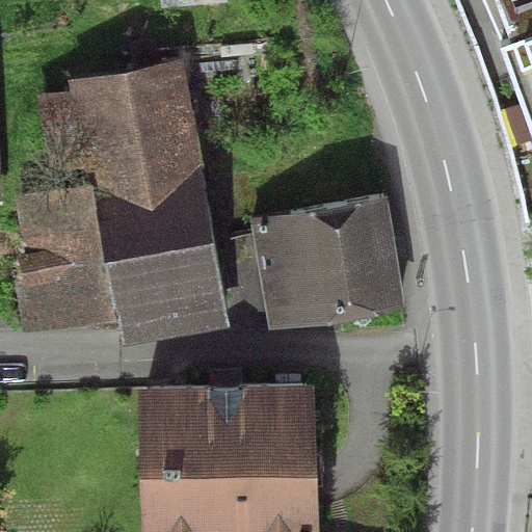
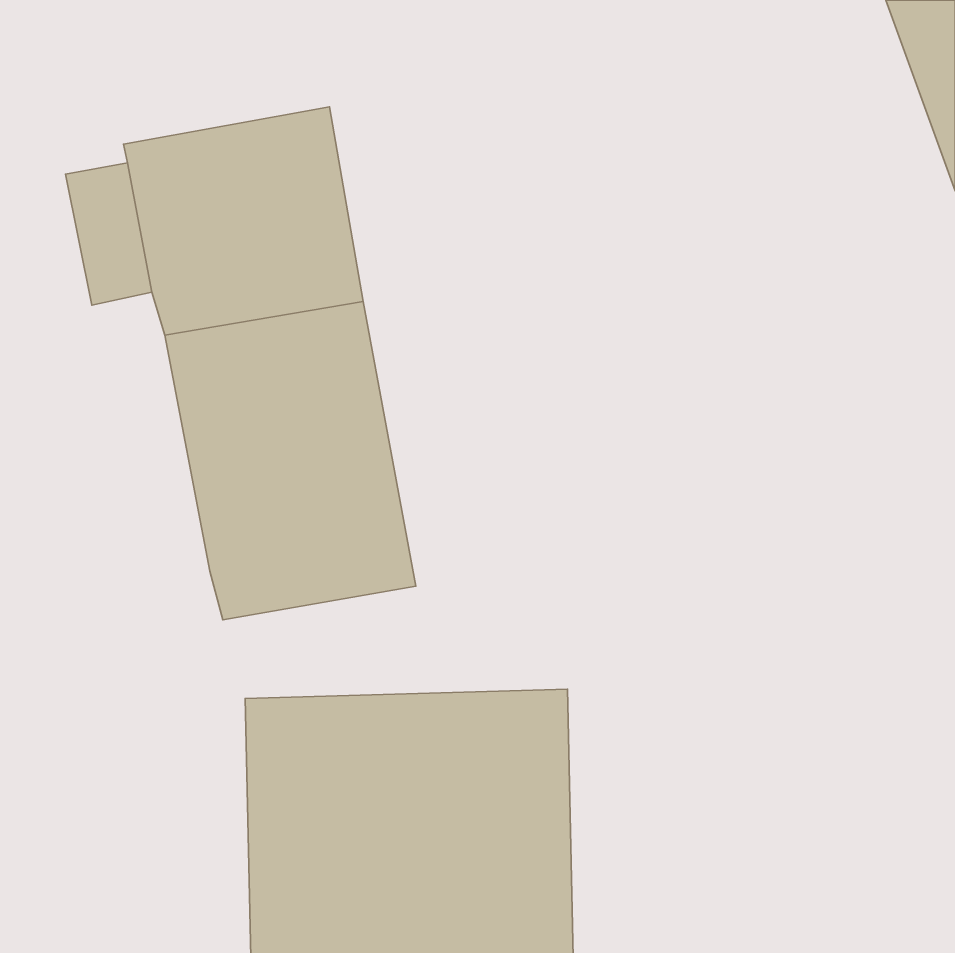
building: [15,188,116,335] -> none
building: [250,197,404,330] -> none

